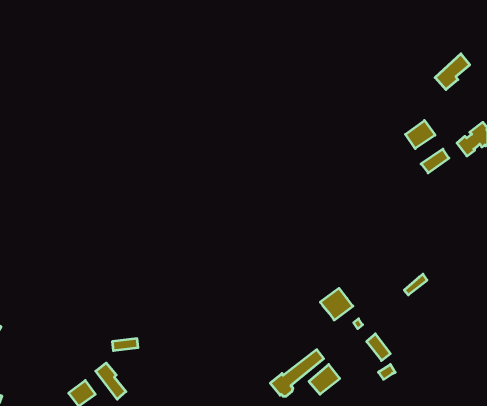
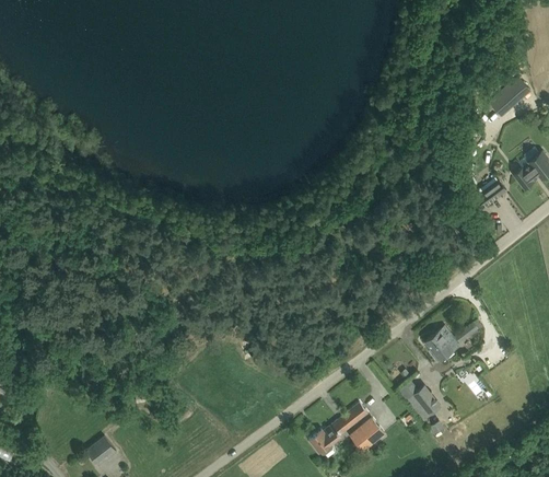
building: [405,120,435,149] -> none
building: [320,288,353,320] -> [423,326,459,361]
building: [96,363,126,399] -> none

